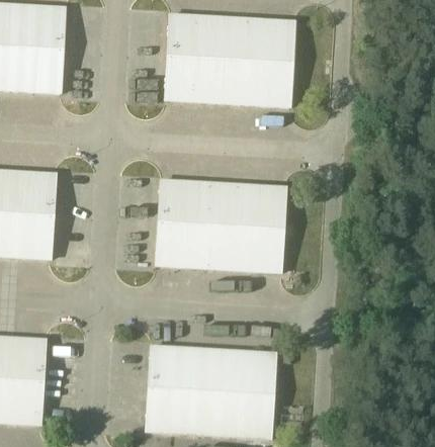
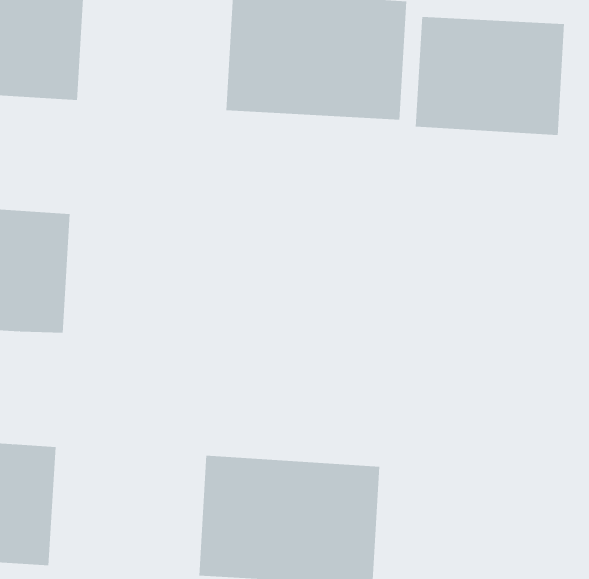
building: none -> [415,16,565,136]
building: [155,179,285,272] -> none

